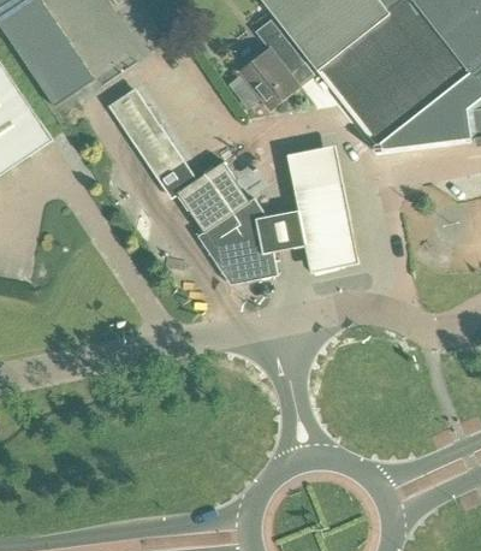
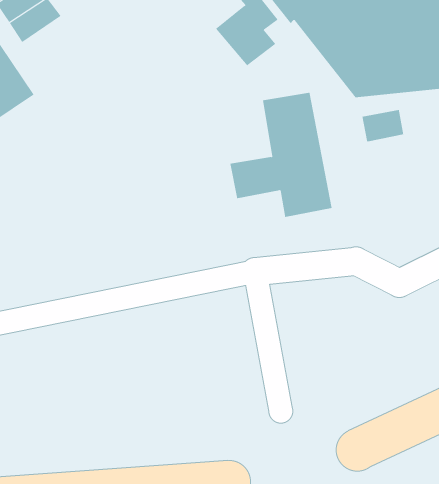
building: [40,60,94,108] -> none
building: [108,91,277,284] -> none
building: none -> [362,109,404,142]

